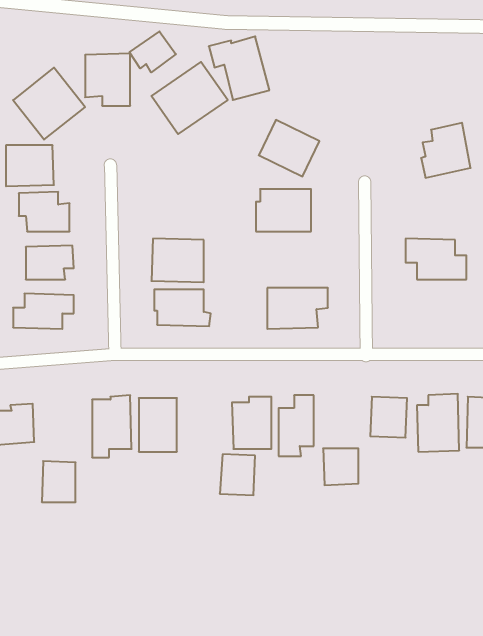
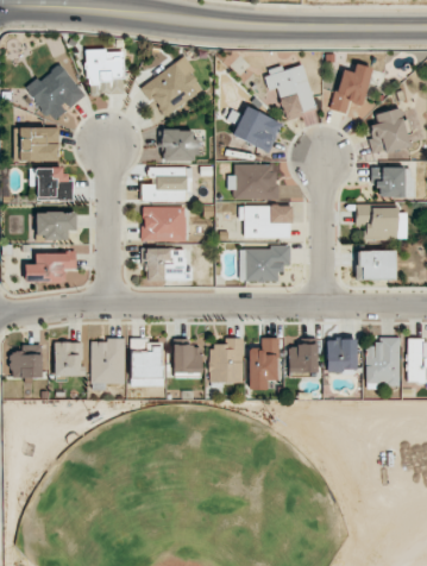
building: [130,31,176,72] -> none
building: [209,36,269,100] -> [265,64,316,118]
building: none -> [332,64,373,113]
building: none -> [163,130,197,162]
building: none -> [142,166,194,202]
building: none -> [372,169,413,197]
building: none -> [243,205,293,238]
building: none -> [358,250,396,279]
building: [323,448,358,485] -> [289,342,319,373]
building: [220,454,255,495] -> [174,344,203,378]
building: [42,461,76,502] -> [55,341,83,376]

